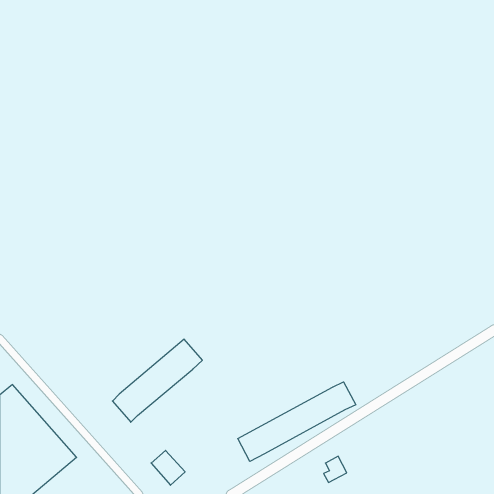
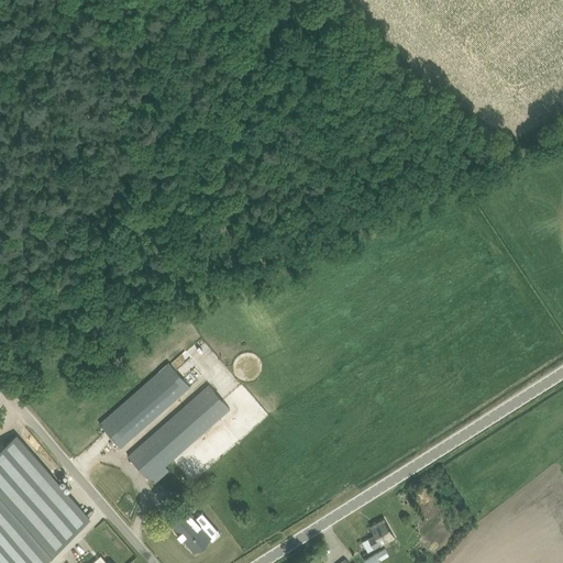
building: none -> [99,363,189,448]
building: [238,382,356,461] -> none

